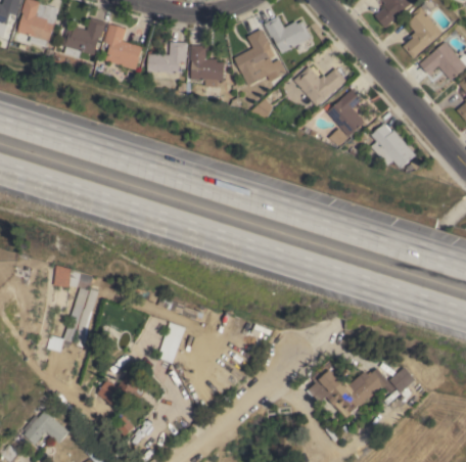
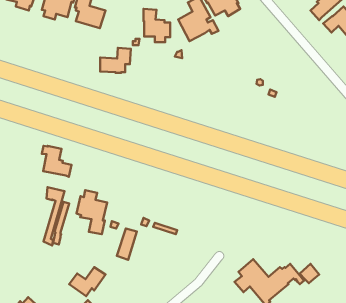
building: [148,42,187,74] -> [100,48,131,73]
building: [293,66,346,106] -> none
building: [327,89,365,137] -> none
building: [371,124,416,169] -> none
building: none -> [42,146,72,177]
building: none -> [76,190,107,234]

